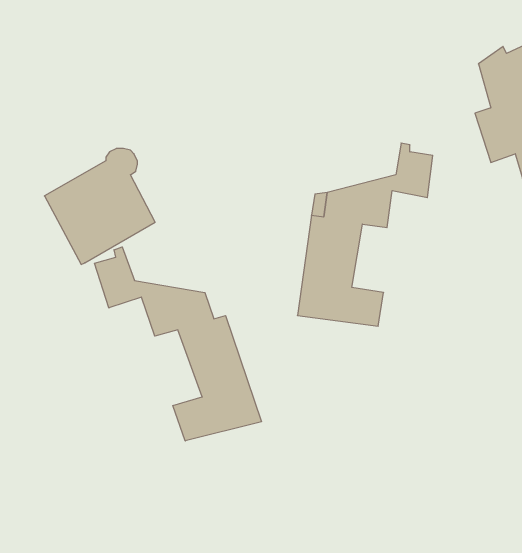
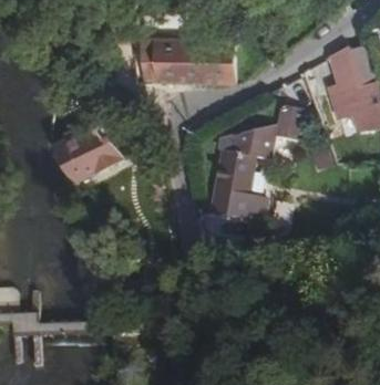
building: none -> [142,39,230,84]
building: [94,247,261,441] -> none

